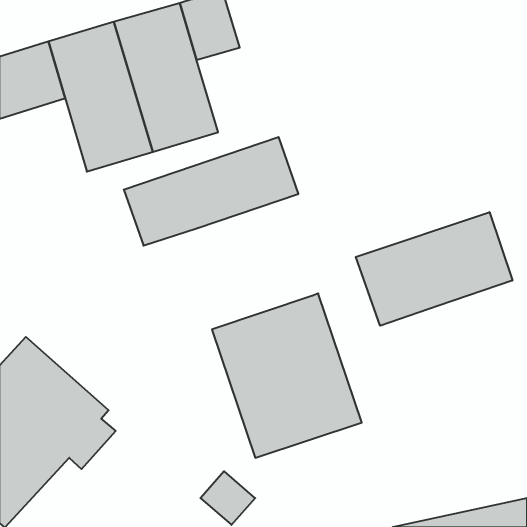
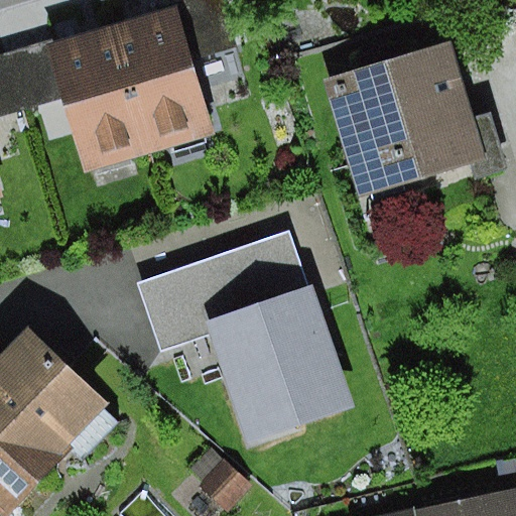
building: none -> [322,41,504,198]
building: [124,137,298,246] -> [135,233,305,339]
building: [356,212,512,326] -> none

